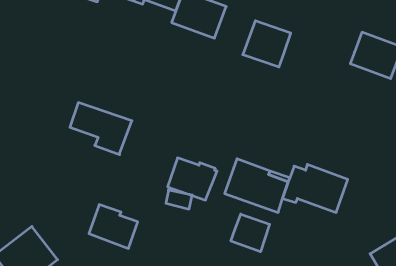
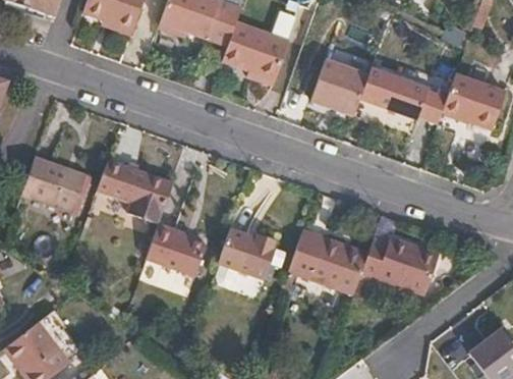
building: none -> [360,67,447,124]
building: none -> [20,156,87,214]
building: [89,205,138,248] -> [146,223,206,277]
building: [231,214,270,252] -> none

